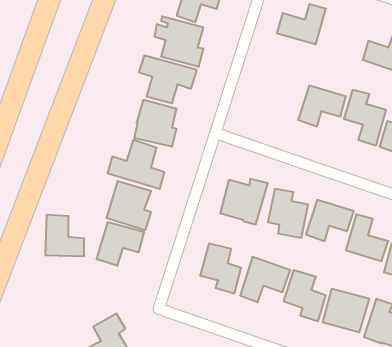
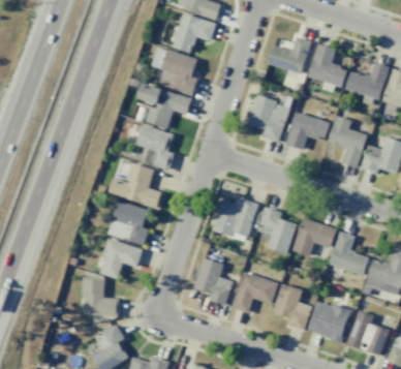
building: none -> [307,43,347,87]
building: none -> [247,95,289,141]
building: [45,215,84,256] -> [83,277,119,315]

